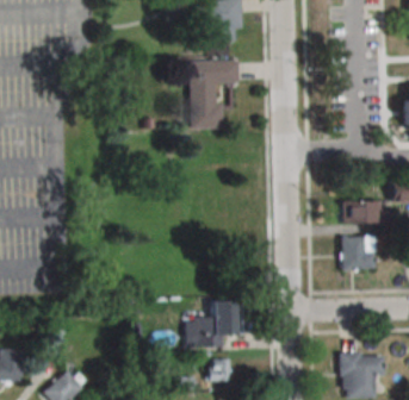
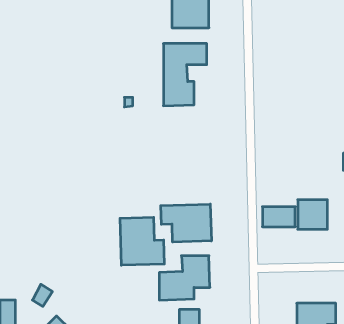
building: [342,200,379,223] -> [262,207,295,227]
building: none -> [161,204,211,242]
building: none -> [120,217,164,265]

